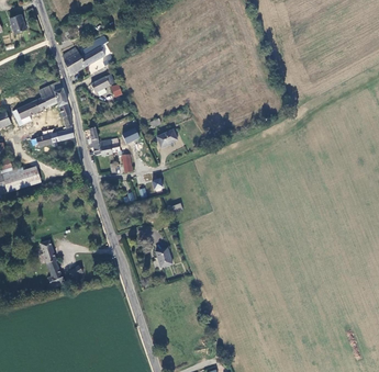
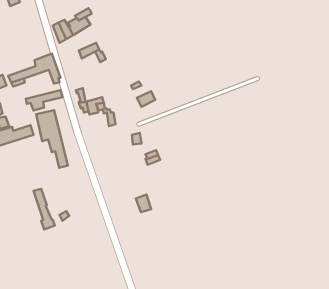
building: none -> [36,110,68,168]

